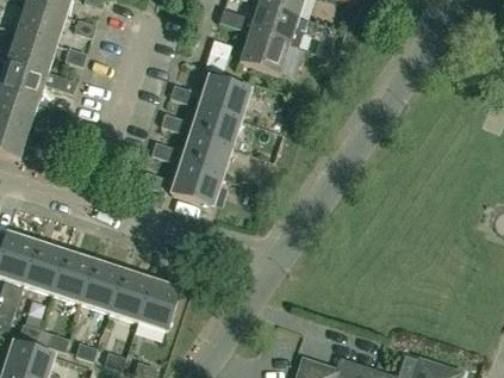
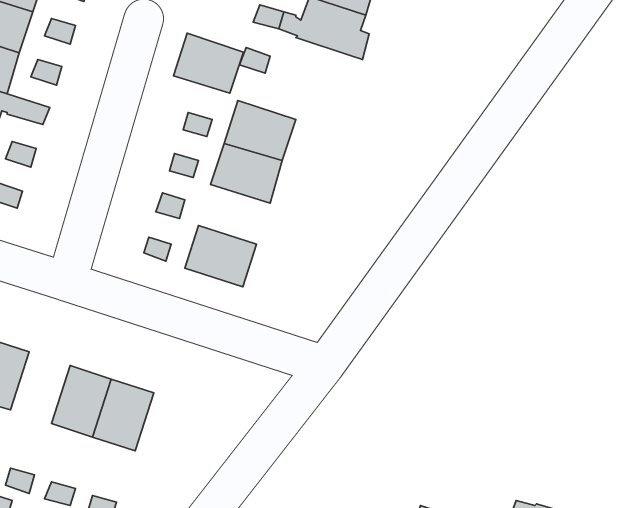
building: [241,31,290,73] -> [174,33,244,93]
building: [182,134,232,175] -> none
building: [51,250,93,300] -> none
building: [138,279,180,329] -> none

